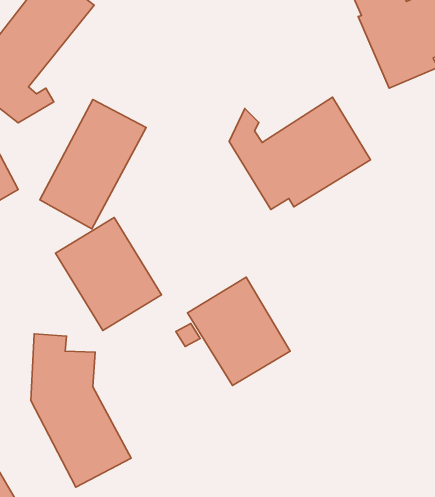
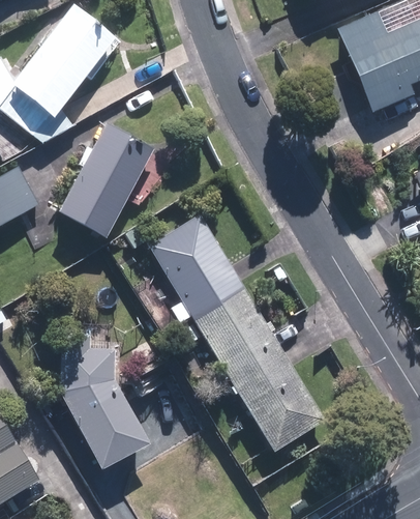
building: [229,97,371,210] -> none
building: [55,217,161,330] -> [149,212,244,314]
building: none -> [232,348,327,450]

